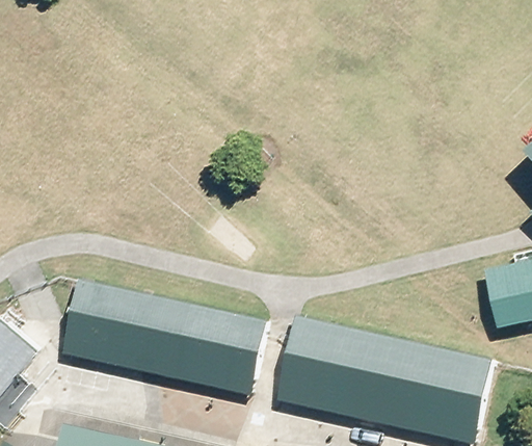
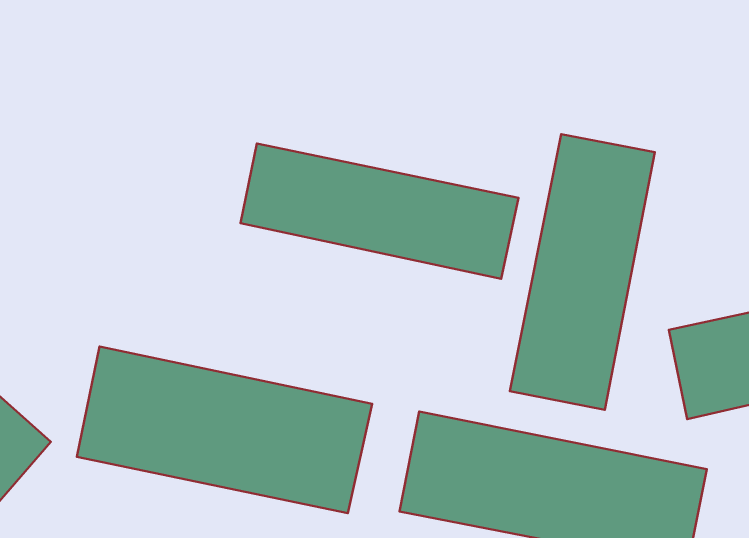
building: none -> [510,134,655,410]
building: none -> [240,143,518,279]

